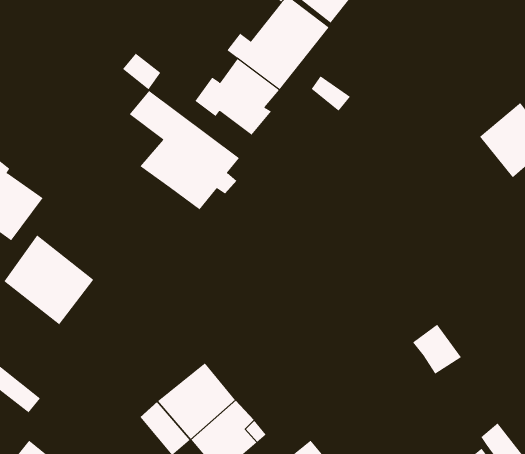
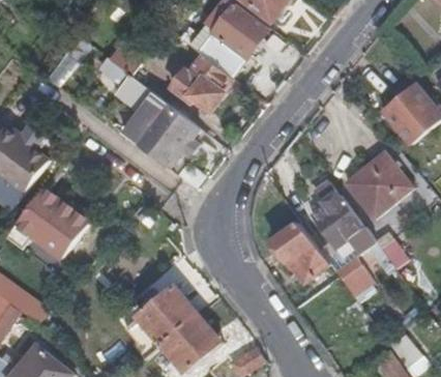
building: none -> [347,153,412,220]
building: none -> [308,181,387,264]
building: none -> [272,221,328,281]

